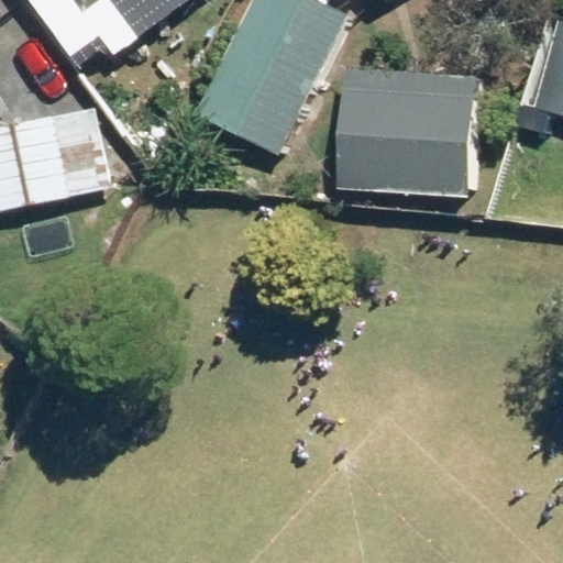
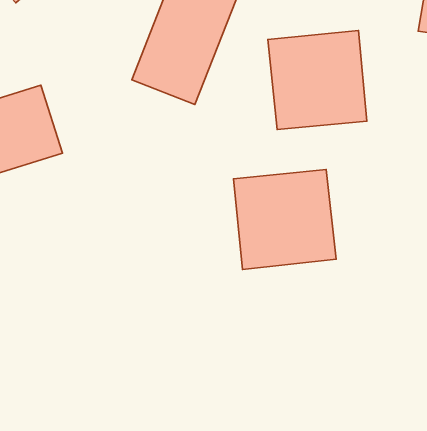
building: none -> [233,169,336,270]

